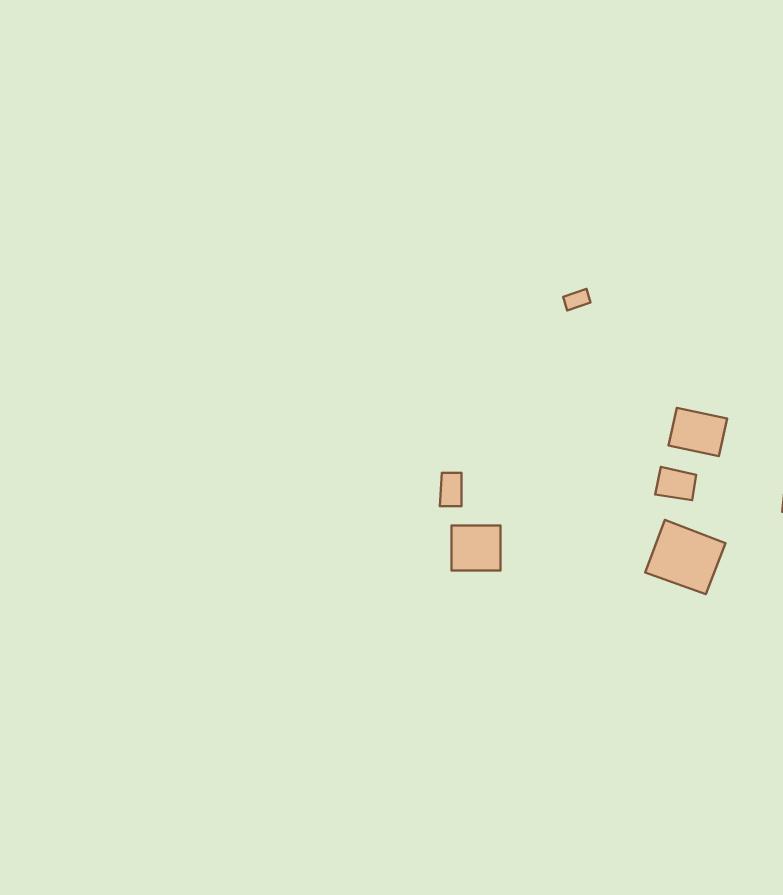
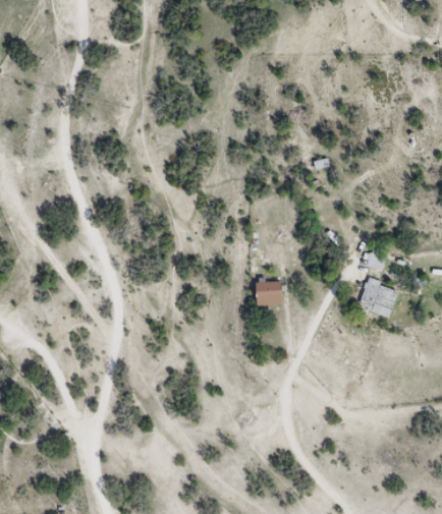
building: [669,408,727,456] -> none

